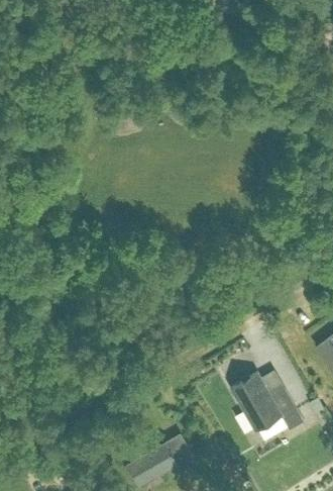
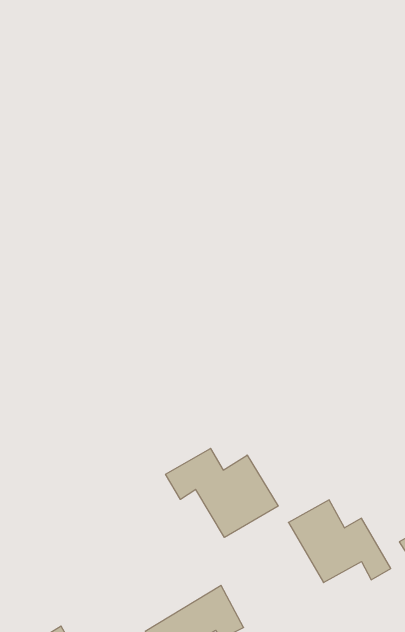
building: none -> [166,448,278,537]

